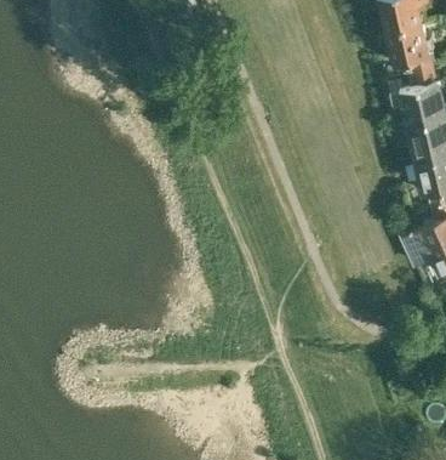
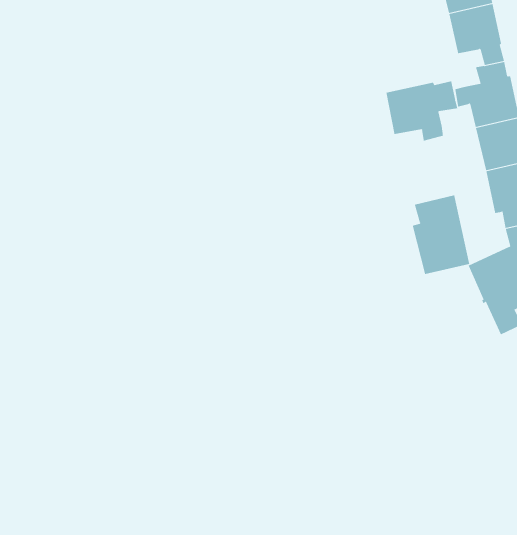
building: none -> [386,81,458,141]
building: none -> [412,194,470,275]

